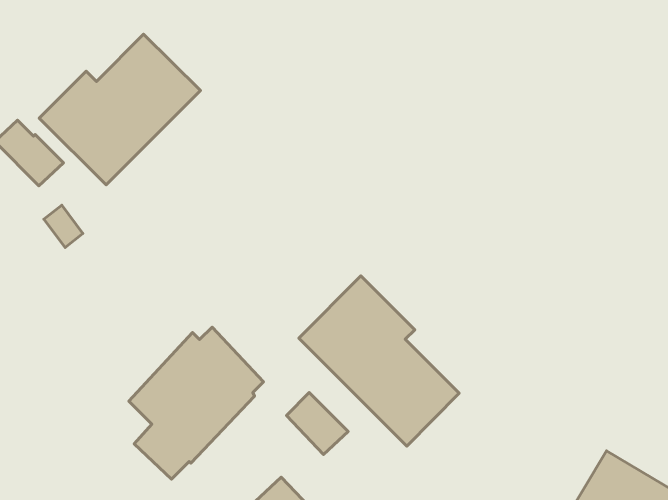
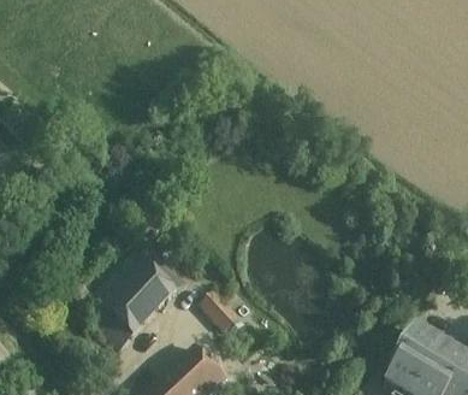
building: [39,34,201,185] -> none
building: [299,276,459,446] -> none

